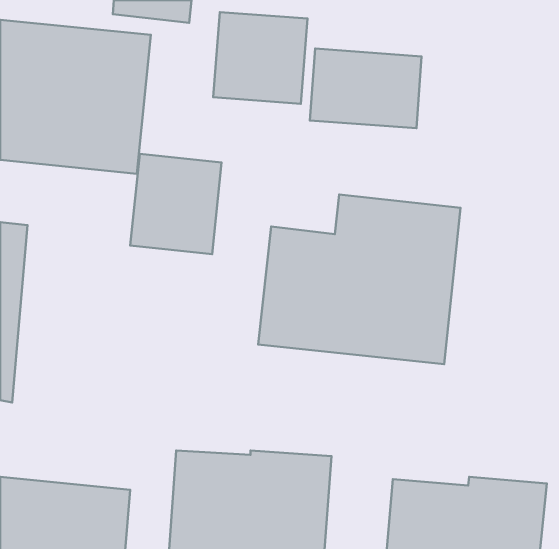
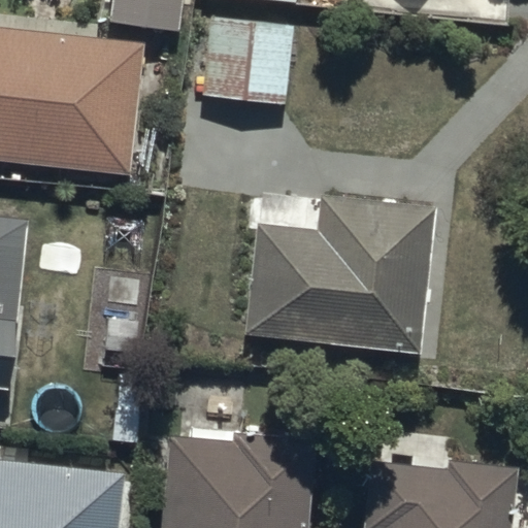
building: [310,49,422,128] -> none
building: [130,154,222,254] -> none

